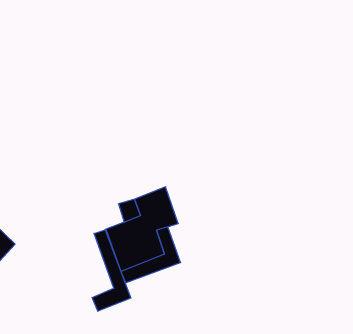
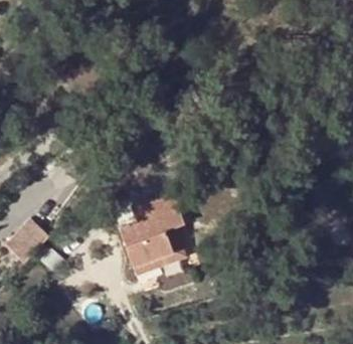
building: [92,230,131,311] -> none

